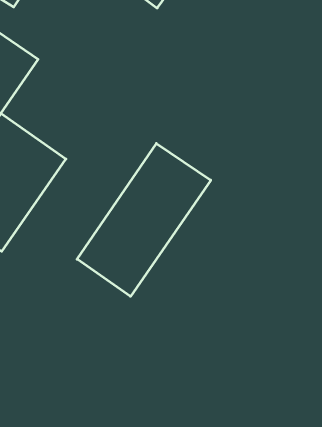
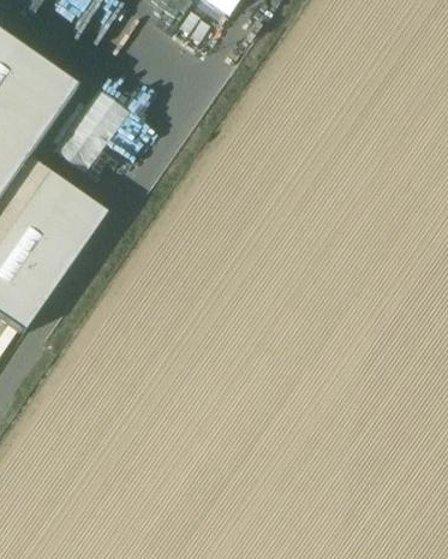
building: [77,143,211,296] -> none

